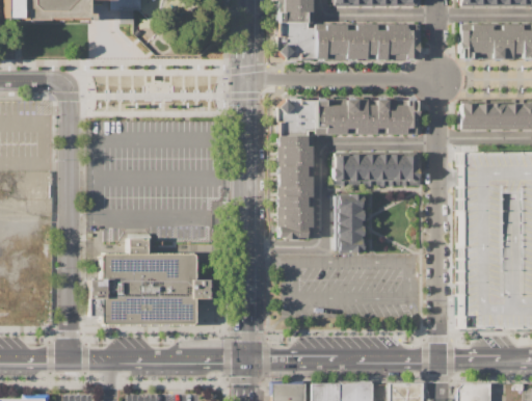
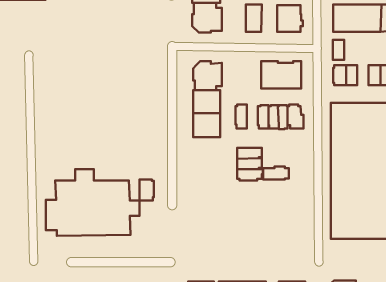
building: [318,24,349,59] -> none
building: [369,24,390,59] -> none
building: [318,98,369,133] -> none
building: [494,103,508,129] -> [333,40,344,60]
building: [350,154,365,185] -> none
building: [338,193,371,210] -> [263,167,289,179]
building: [281,196,316,239] -> none
building: none -> [139,179,154,201]

